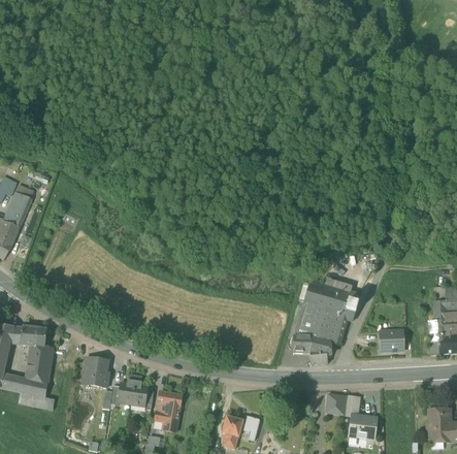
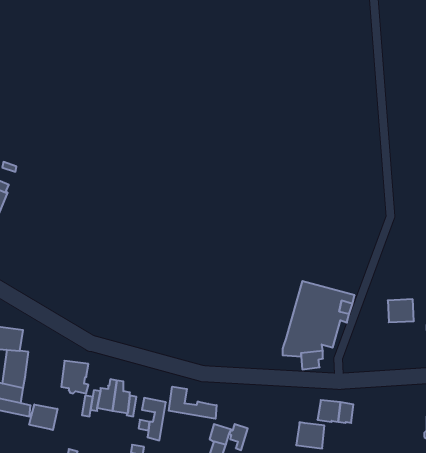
building: [379,329,403,351] -> [388,299,414,322]
building: none -> [169,387,217,419]
building: none -> [29,404,57,430]
building: [349,414,376,439] -> [296,422,324,448]

